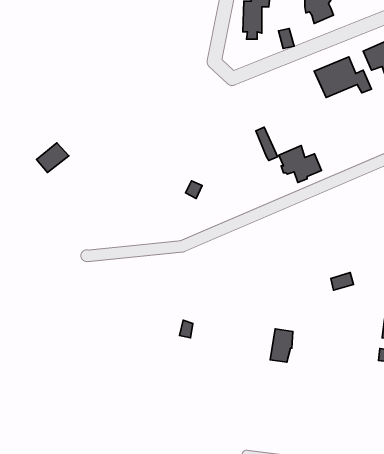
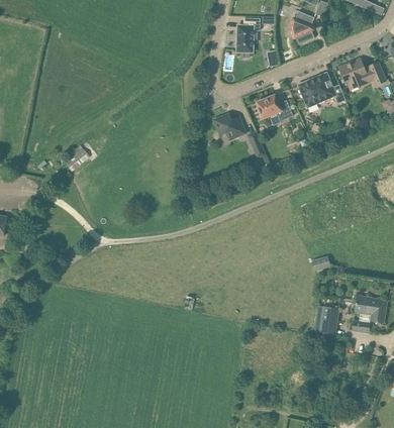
building: none -> [213,113,245,139]
building: [279,145,322,182] -> [256,94,292,125]
building: [270,329,293,362] -> [319,306,338,334]

